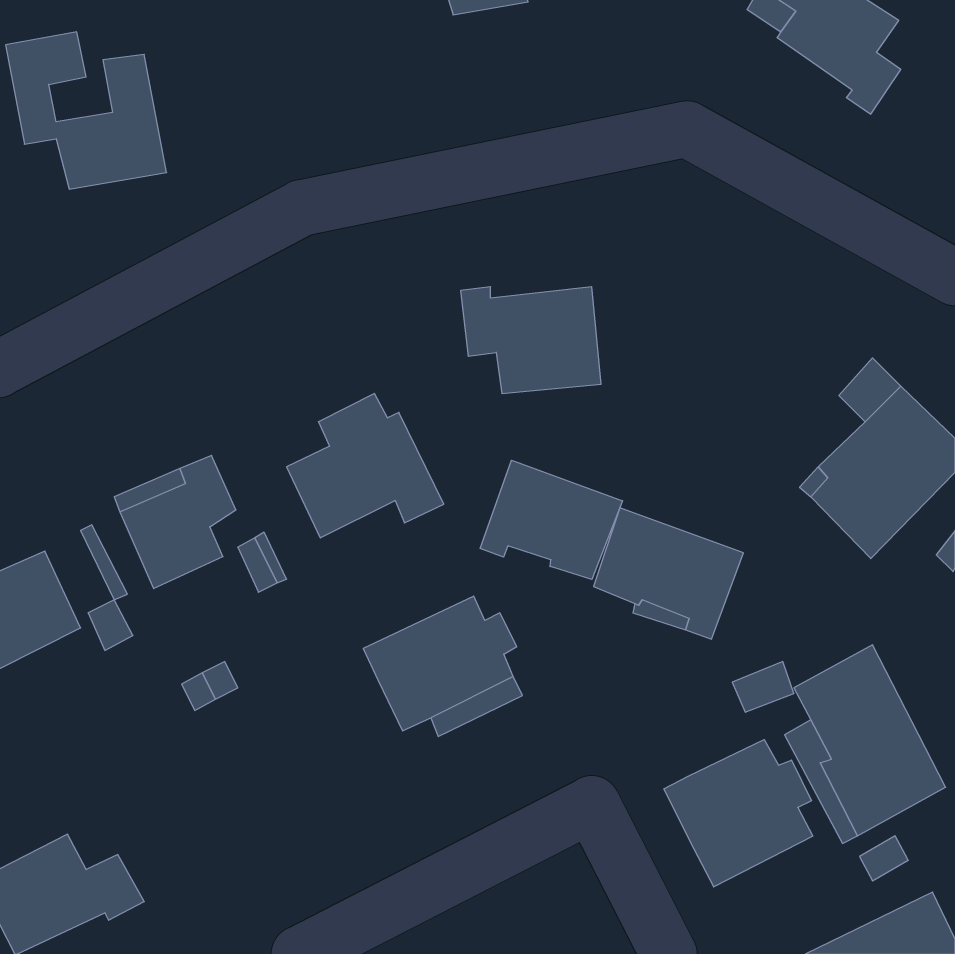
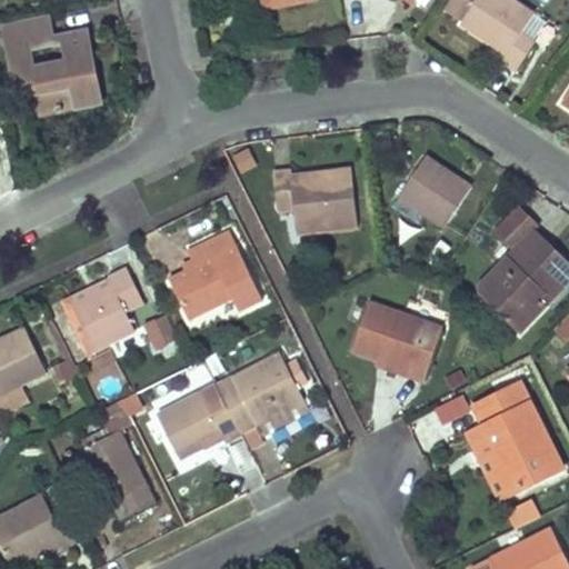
building: none -> [399,153,471,226]
building: [480,460,623,579] -> none
building: none -> [159,385,239,458]
building: none -> [80,429,153,518]
building: [664,740,813,887] -> none

